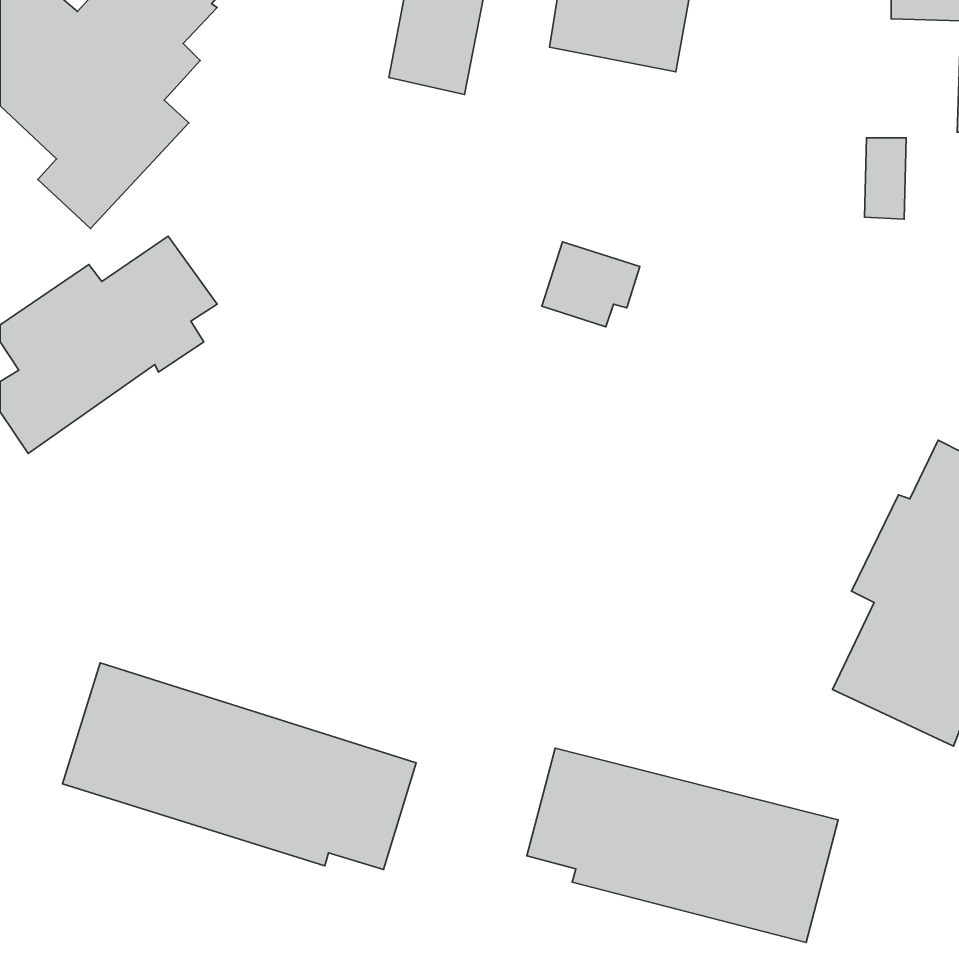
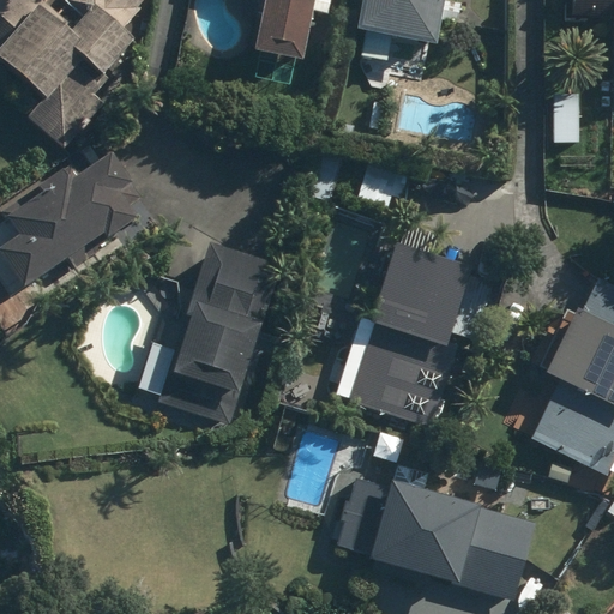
building: none -> [161,245,278,423]
building: none -> [347,247,469,429]
building: [63,663,416,869] -> none

